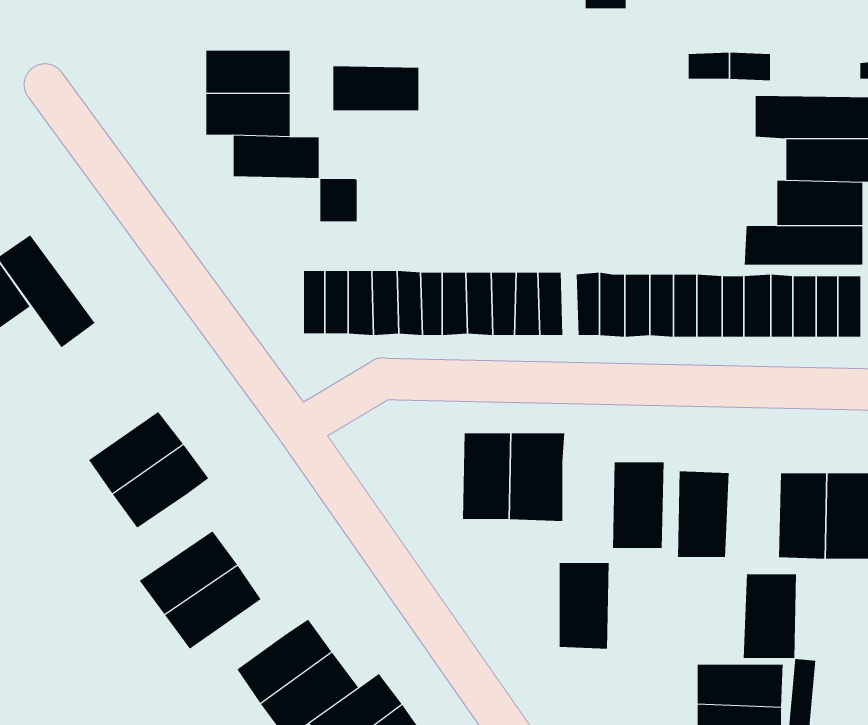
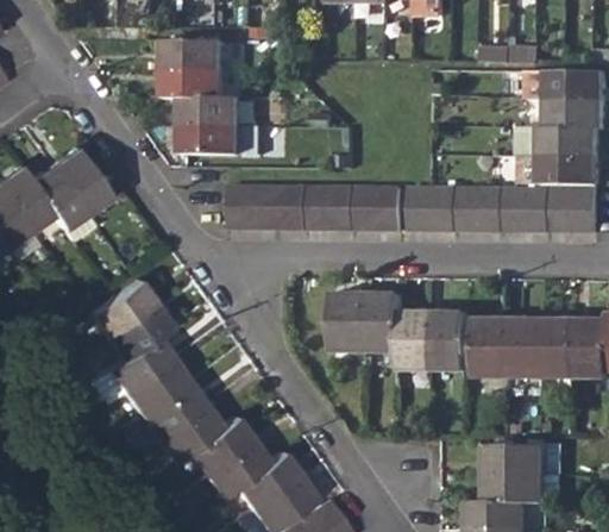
building: [333,66,419,111] -> [181,124,238,154]
building: none -> [48,145,103,207]
building: none -> [102,333,168,390]
building: [559,562,610,649] -> [398,312,432,369]
building: [743,574,797,659] -> [506,319,541,375]
building: none -> [152,402,216,458]

